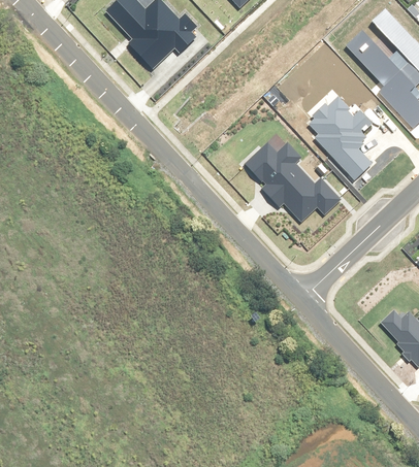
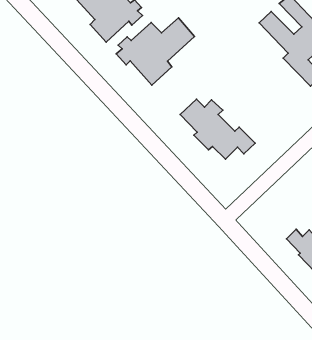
building: none -> [116,18,195,85]
building: [309,99,377,177] -> none

